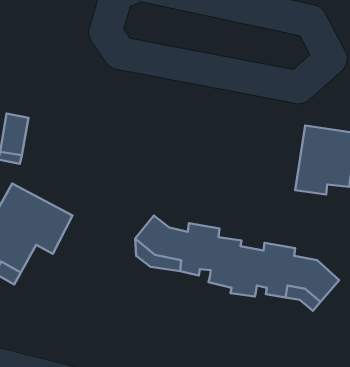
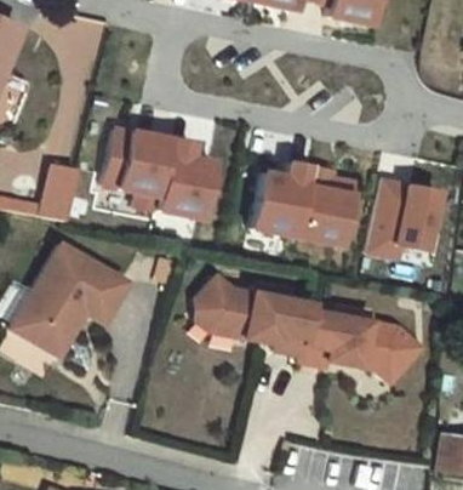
building: none -> [110,129,217,216]
building: none -> [258,165,356,246]

